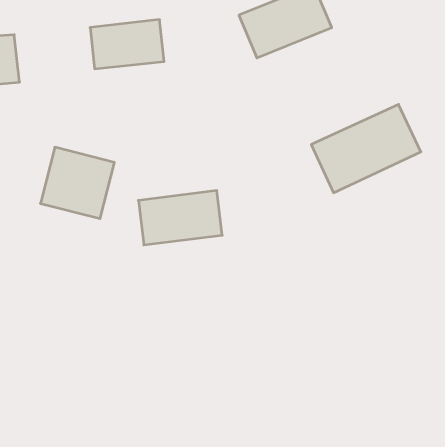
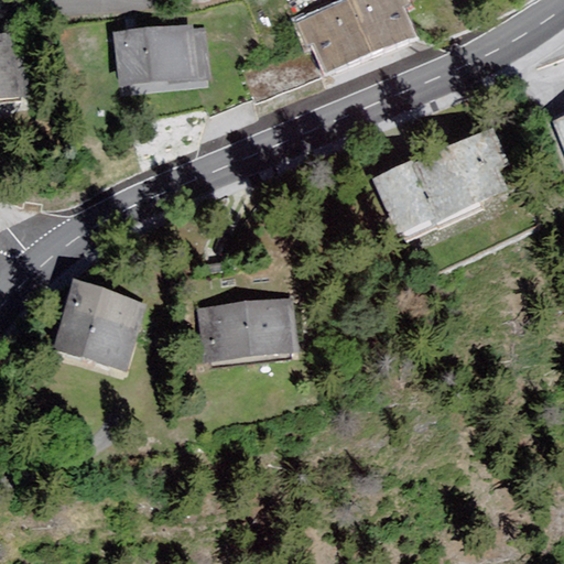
building: [40,147,114,219] -> [54,281,145,369]
building: [138,191,222,245] -> [197,296,301,364]

